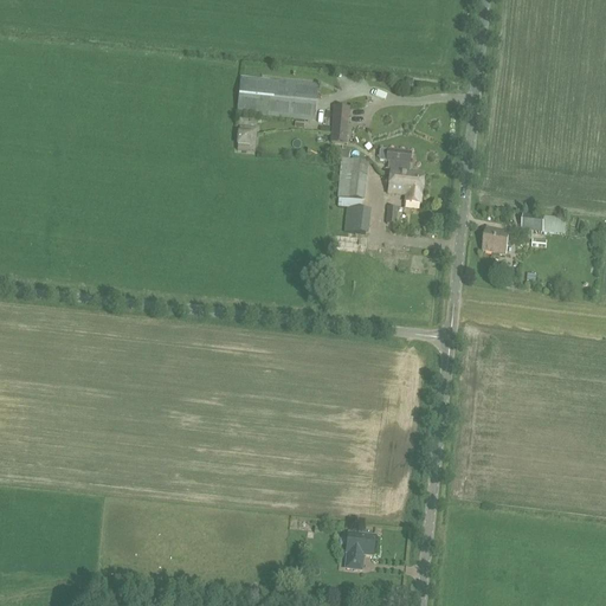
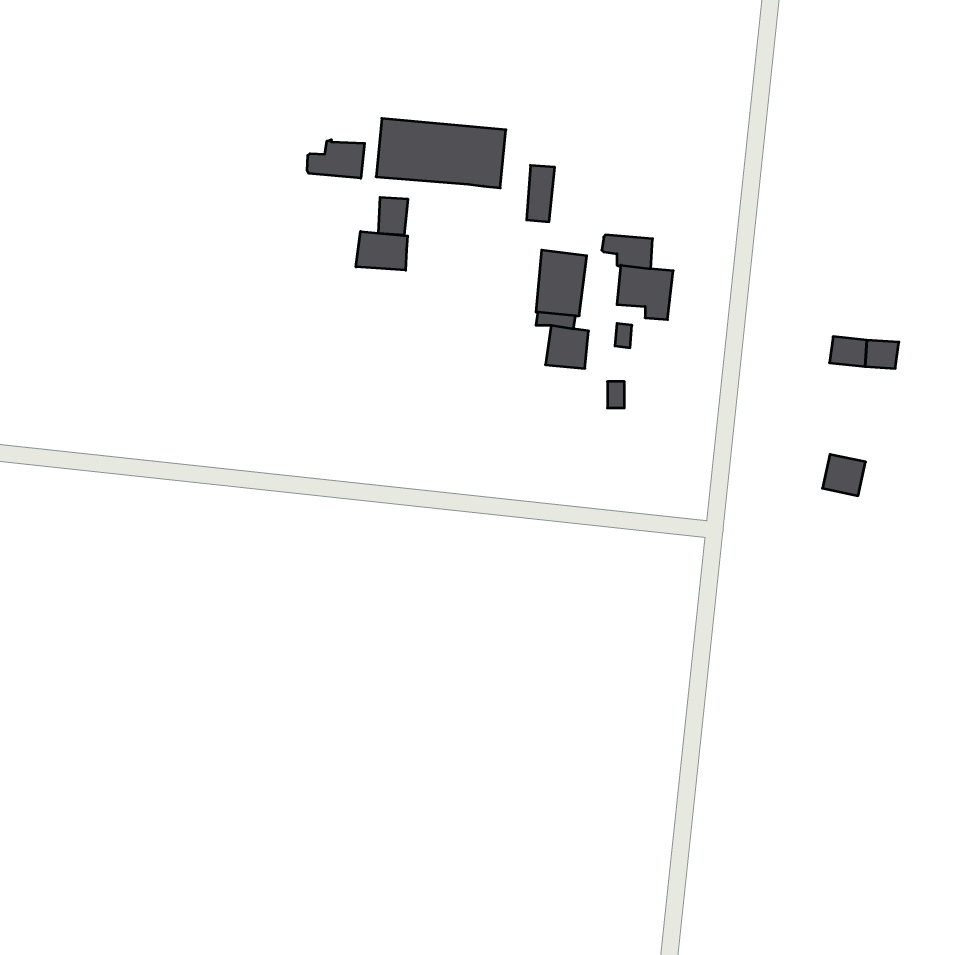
building: none -> [307,140,365,178]
building: none -> [356,231,408,270]
building: [483,227,510,253] -> [822,454,866,496]
building: [346,531,375,567] -> none

